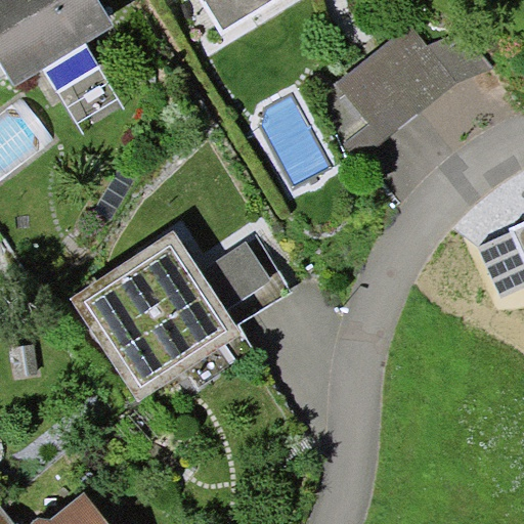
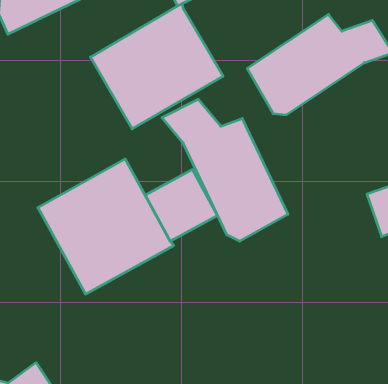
building: none -> [90,4,223,129]
building: none -> [162,99,288,241]

